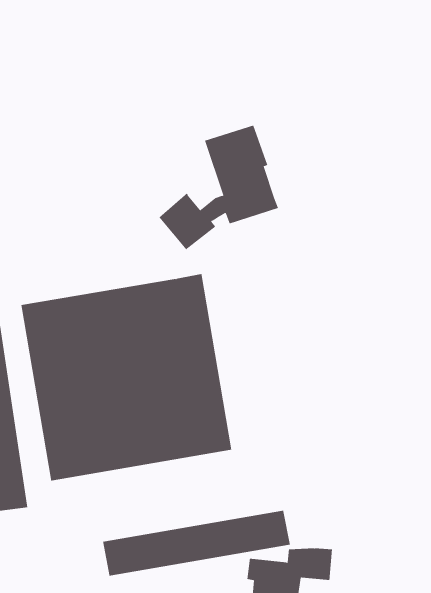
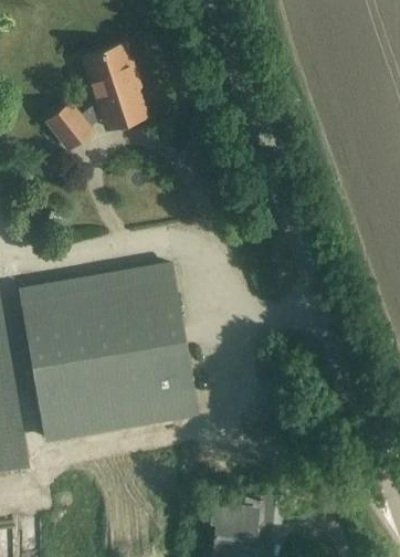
building: [159,125,279,250] -> [45,46,147,153]
building: [103,510,290,576] -> none

